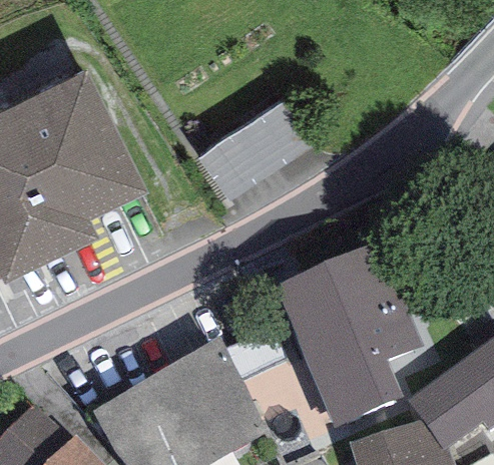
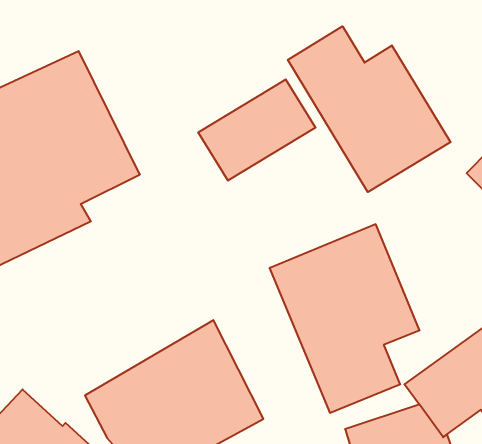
building: none -> [288,26,451,192]

